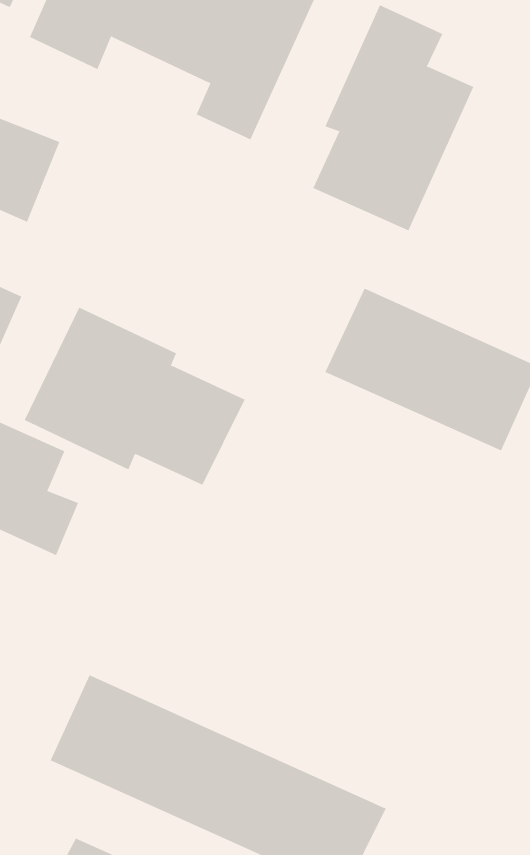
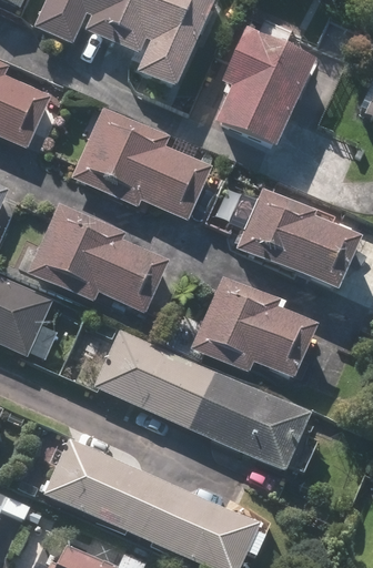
building: none -> [72,103,212,219]
building: none -> [191,273,319,384]
building: none -> [91,326,321,471]

